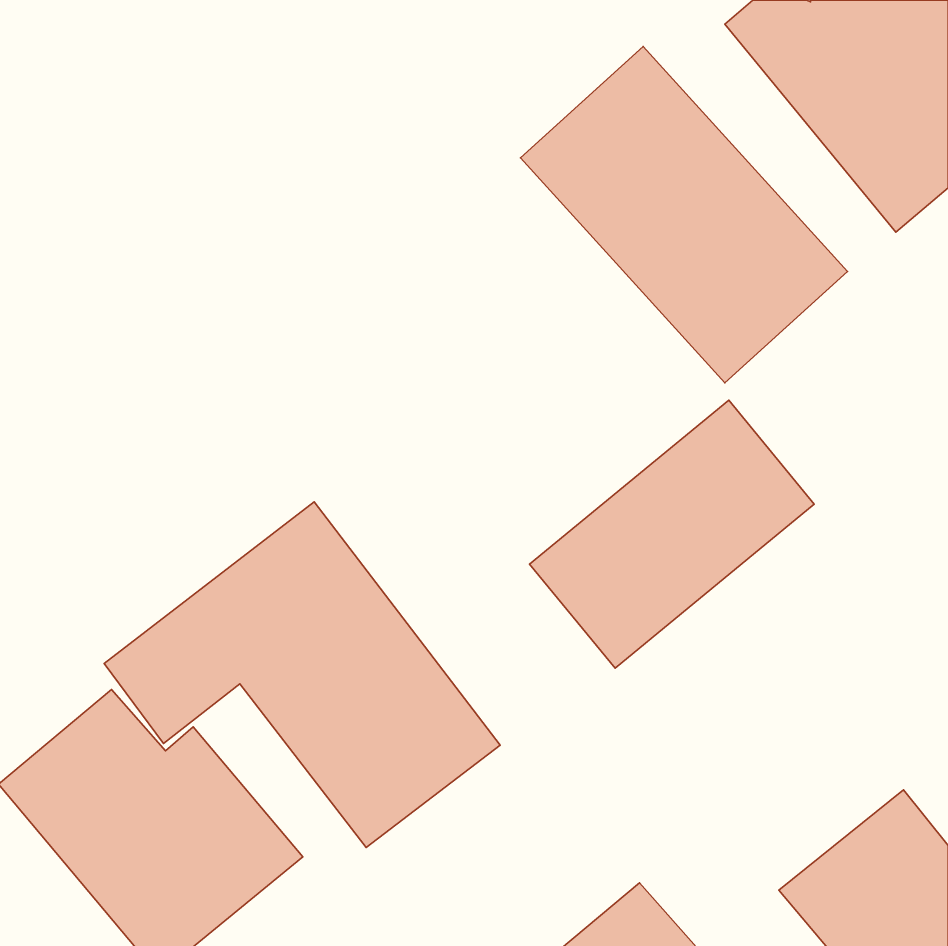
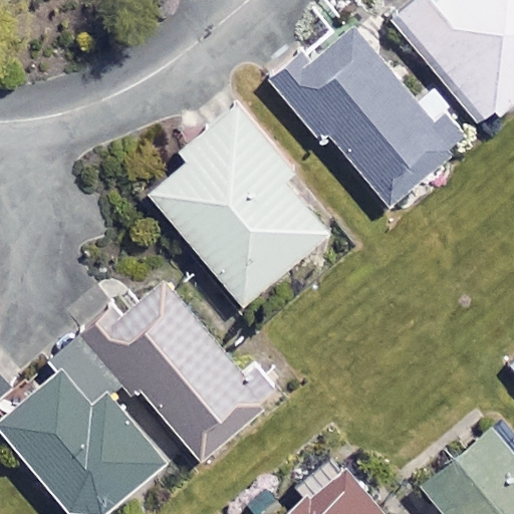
building: none -> [144,106,329,304]
building: [530,400,814,668] -> none

